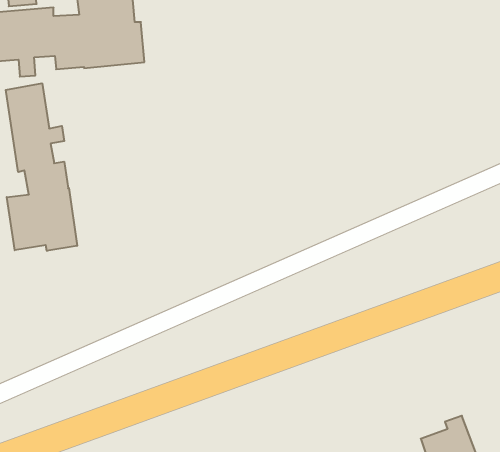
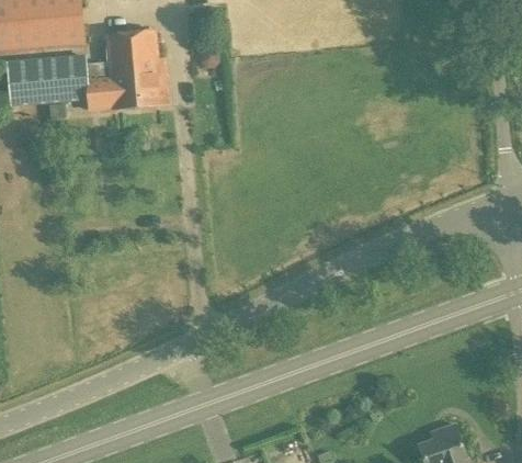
building: [6,83,77,251] -> none

